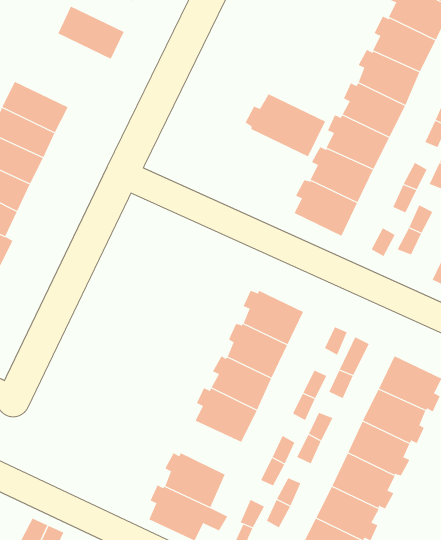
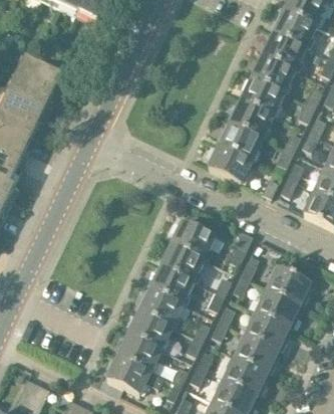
building: [57,6,124,60] -> [16,55,62,92]
building: [245,93,326,157] -> none
building: none -> [130,309,173,347]

